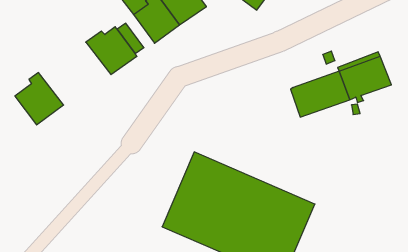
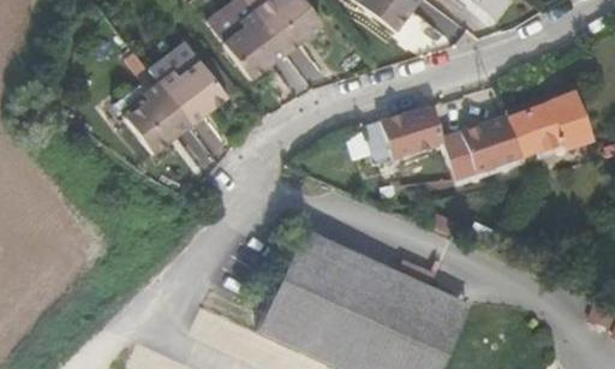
building: none -> [382,106,444,160]
building: [15,73,64,125] -> [125,78,192,150]

